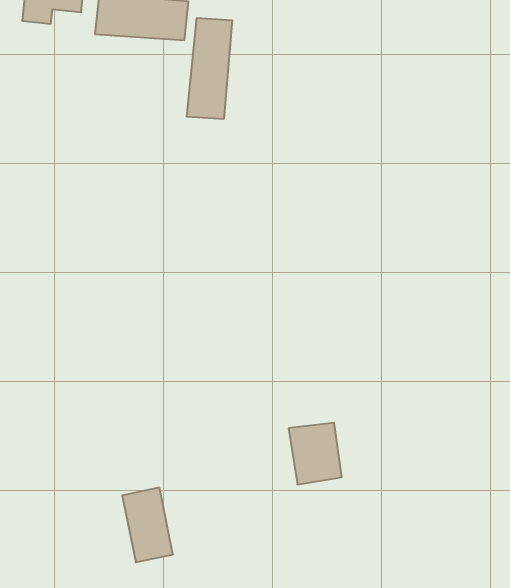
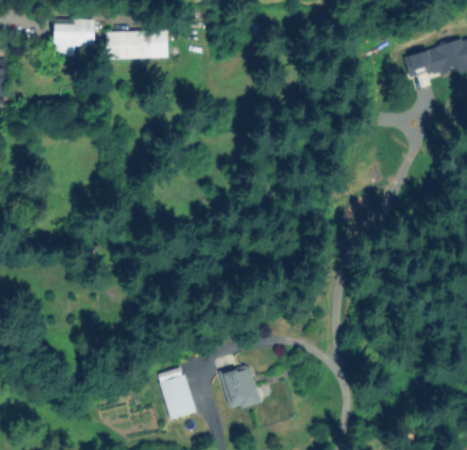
building: [187,18,232,119] -> none
building: [289,423,342,484] -> [220,365,260,410]

